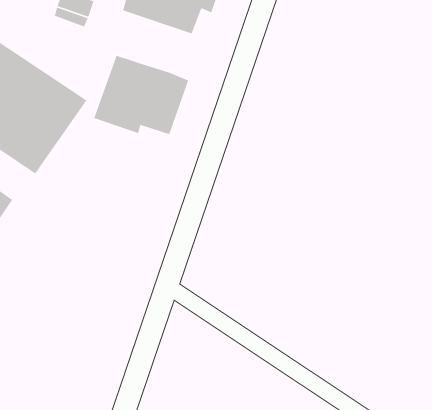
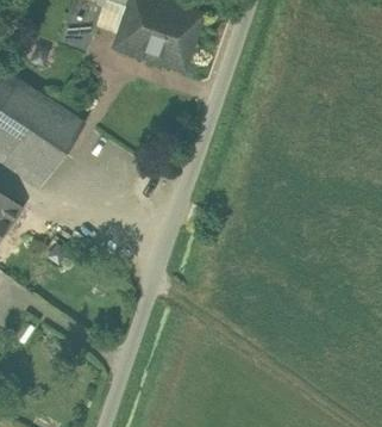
building: [93,54,189,135] -> none

